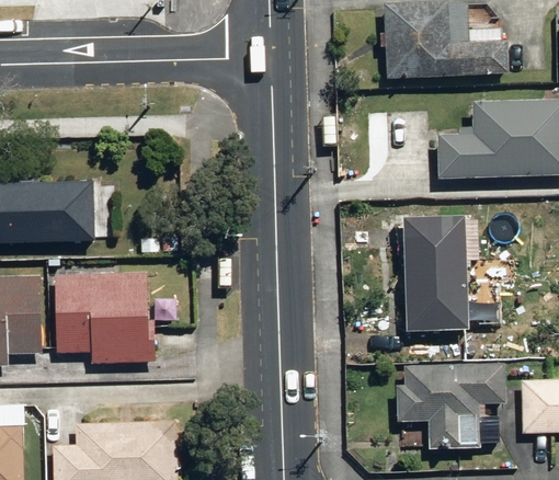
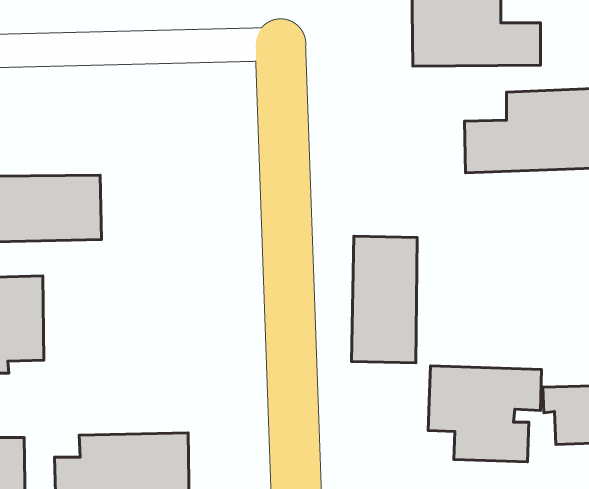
building: [407,215,468,333] -> [352,236,417,363]
building: [54,272,155,364] -> none

